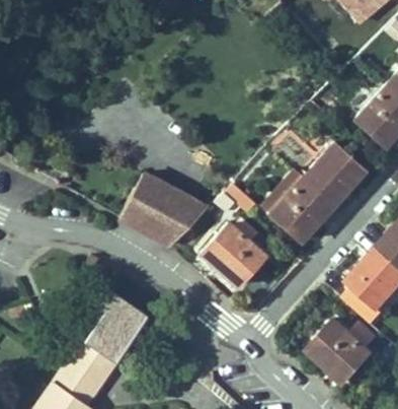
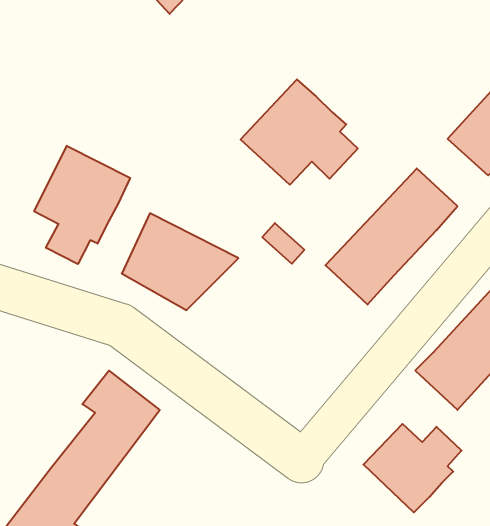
building: none -> [241,79,358,185]
building: none -> [34,146,130,264]
building: [202,219,266,282] -> none

